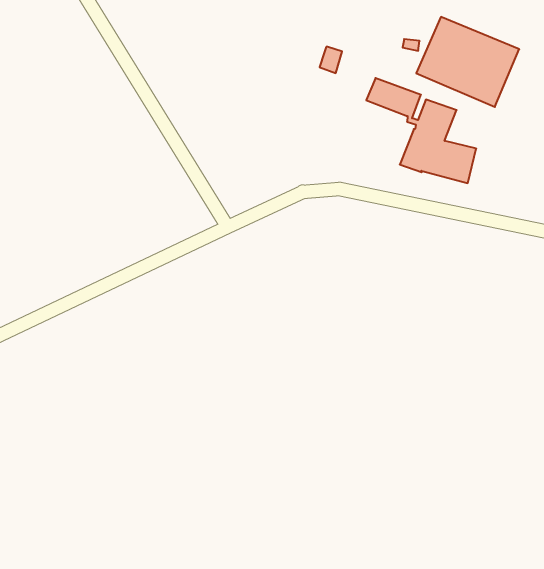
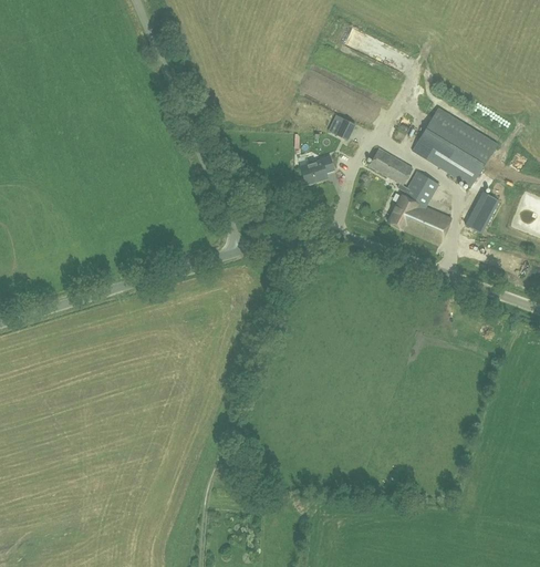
building: none -> [300,155,334,183]
building: none -> [465,190,499,231]

